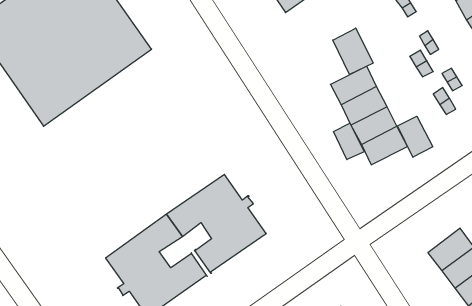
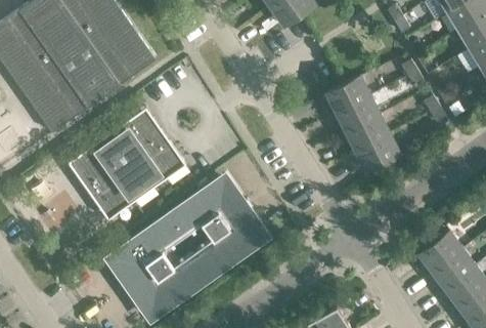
building: [333,28,373,75] -> none
building: none -> [68,121,185,209]
building: [397,116,433,157] -> none
building: [333,123,364,160] -> none

